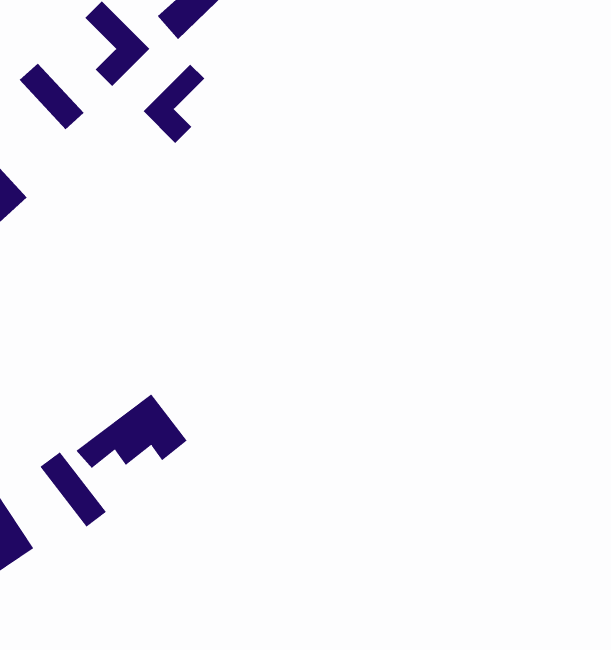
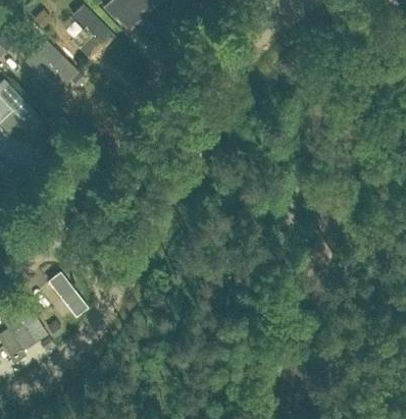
building: [143,64,205,144] -> none
building: [75,394,188,469] -> none

